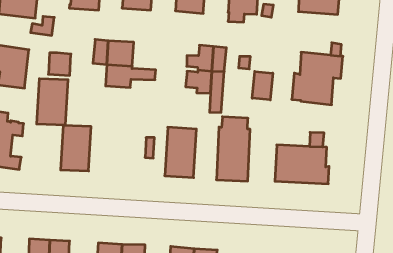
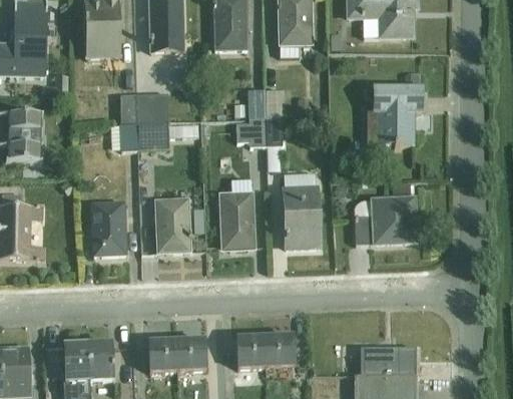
building: [48,53,71,75] -> [111,122,138,149]
building: [252,71,273,100] -> none
building: [37,79,68,125] -> [154,196,191,254]

